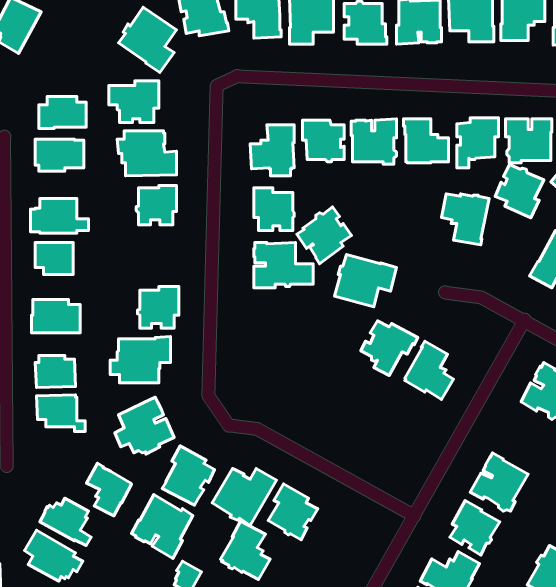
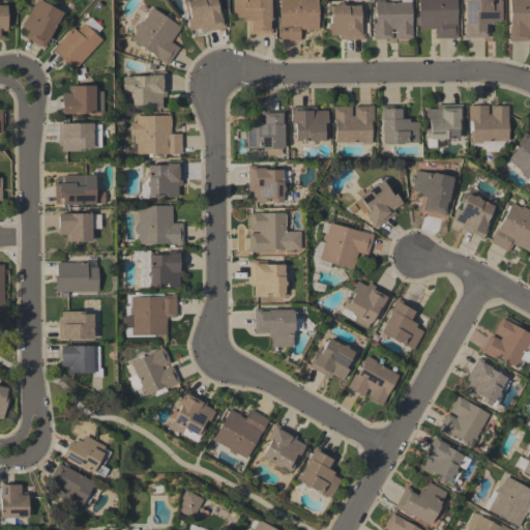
building: none -> [54,24,104,72]
building: [495,164,544,218] -> [453,193,496,239]
building: [297,207,352,264] -> [356,179,404,229]
building: none -> [138,206,184,245]
building: none -> [252,261,288,297]
building: none -> [256,310,302,348]
building: none -> [311,338,359,381]
building: none -> [349,356,400,407]
building: none -> [466,357,508,406]
building: [87,463,132,516] -> none
building: [132,495,193,559] -> none
building: [220,521,270,579] -> [299,447,343,498]

